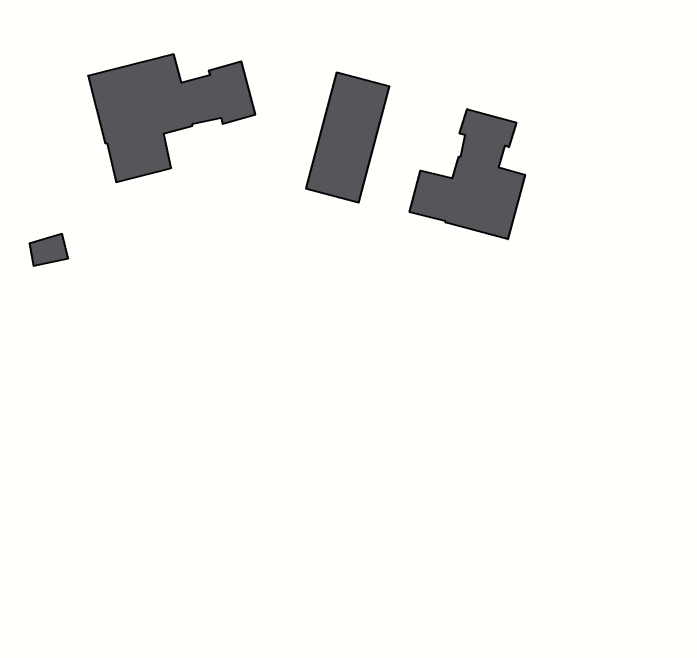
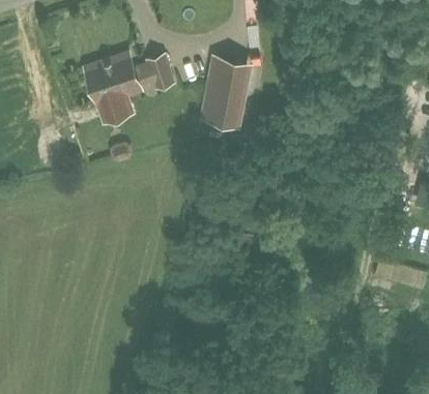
building: [410,109,525,239] -> none

